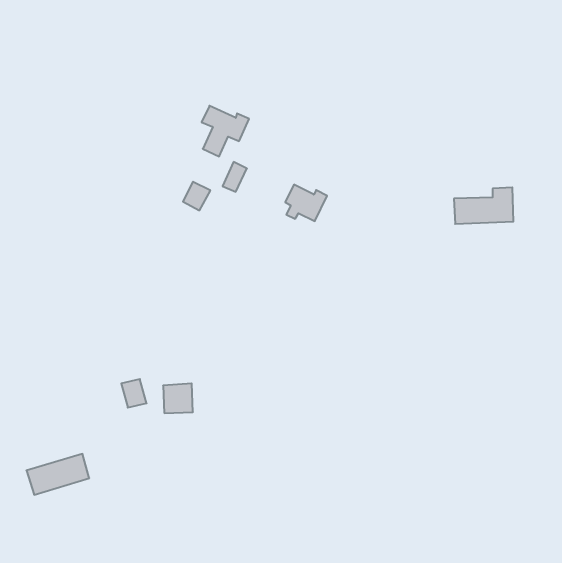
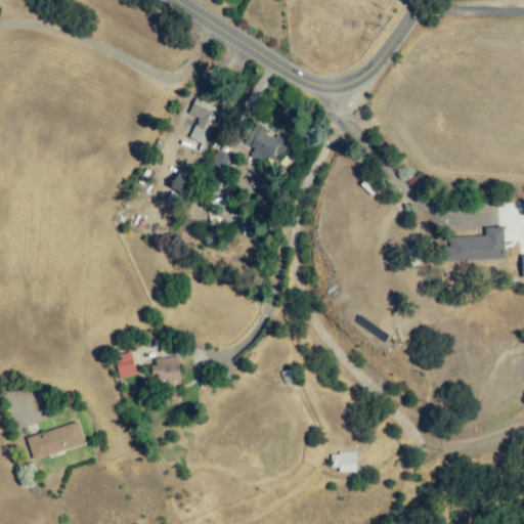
building: [285,185,327,221] -> [249,129,288,163]
building: [454,187,513,224] -> [449,227,505,261]
building: none -> [331,452,356,473]

